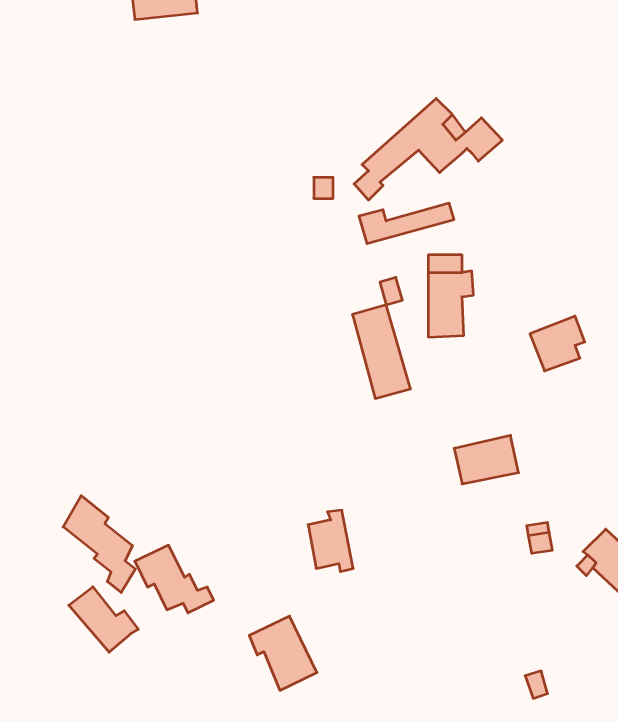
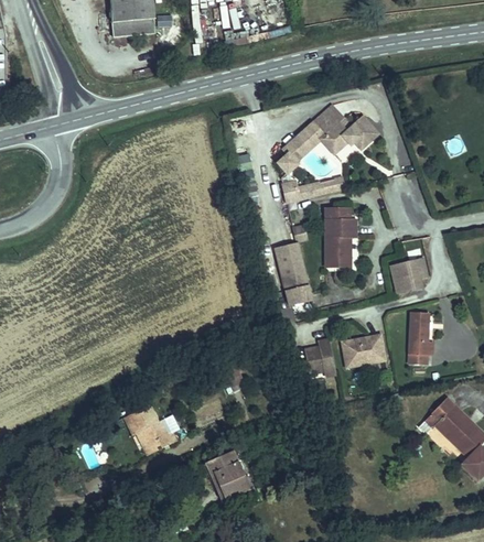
building: none -> [412,308,435,351]
building: [63,496,135,593] -> none
building: [308,510,353,572] -> [305,339,336,381]
building: [69,587,138,652] -> none

